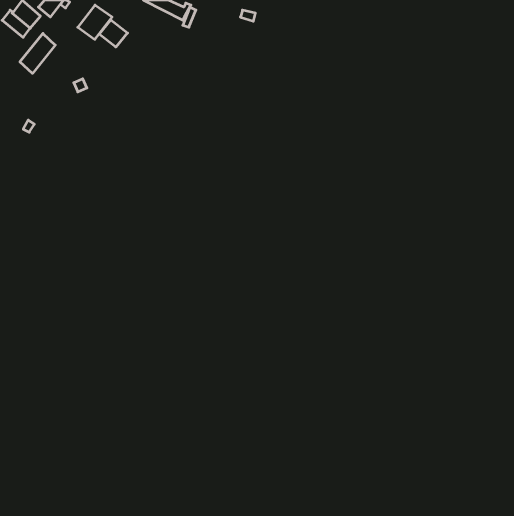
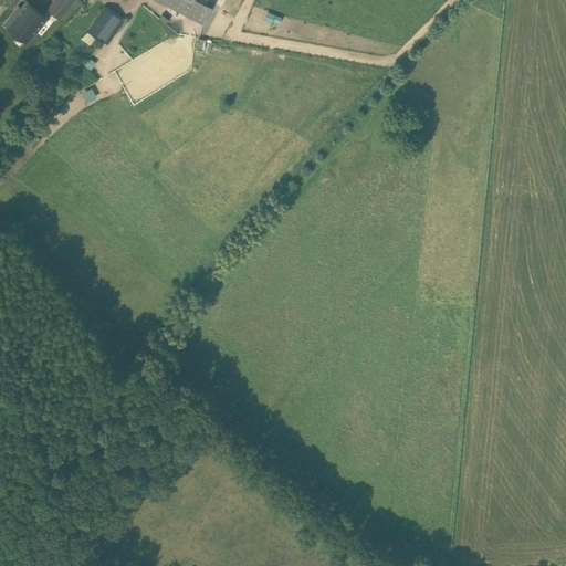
building: [99,20,128,47] -> none
building: [20,33,55,73] -> none

